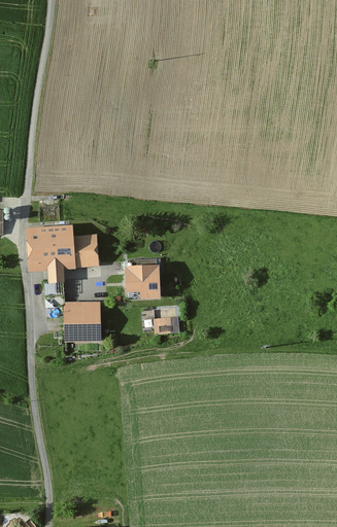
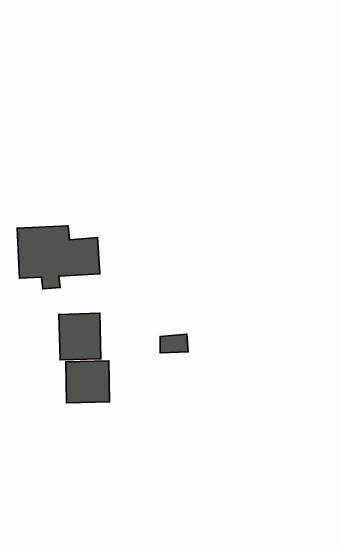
building: [124,262,160,297] -> none
building: none -> [66,361,110,403]

